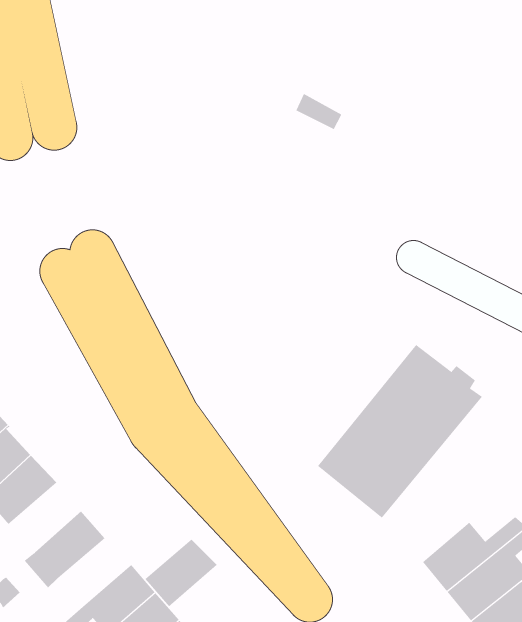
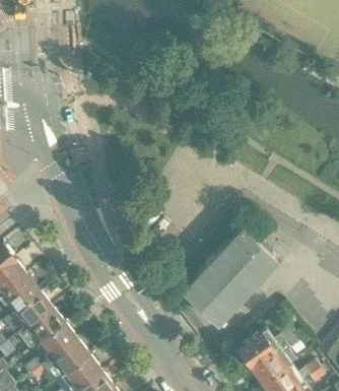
building: none -> [11,290,52,328]
building: [144,539,218,607] -> [37,323,77,360]

